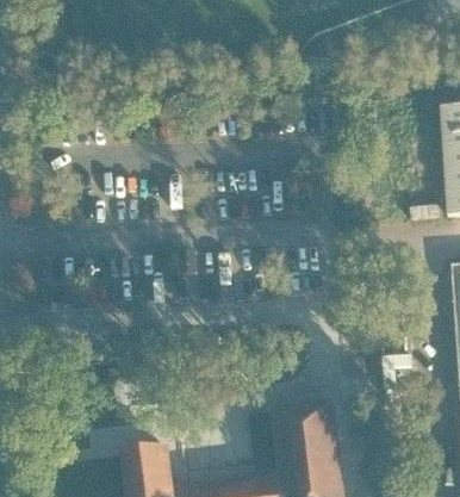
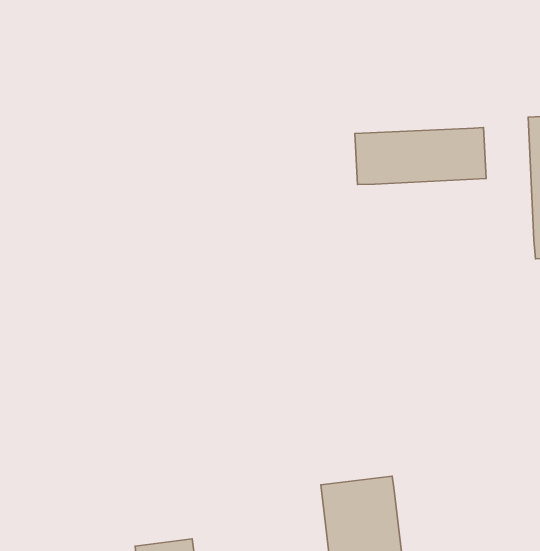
building: none -> [355,127,486,184]

